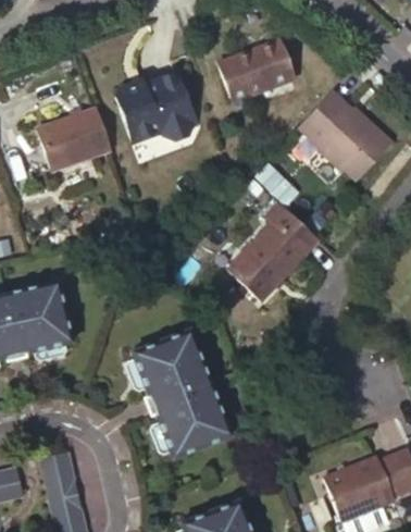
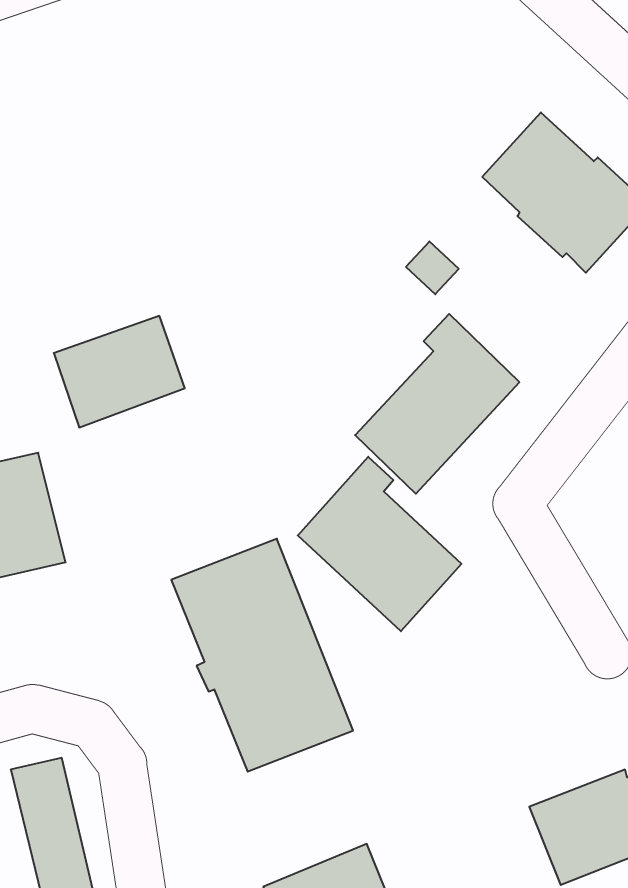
building: [221,41,297,102] -> none
building: [116,74,195,143] -> none
building: [38,107,111,169] -> [54,316,185,427]
building: none -> [298,457,461,631]

